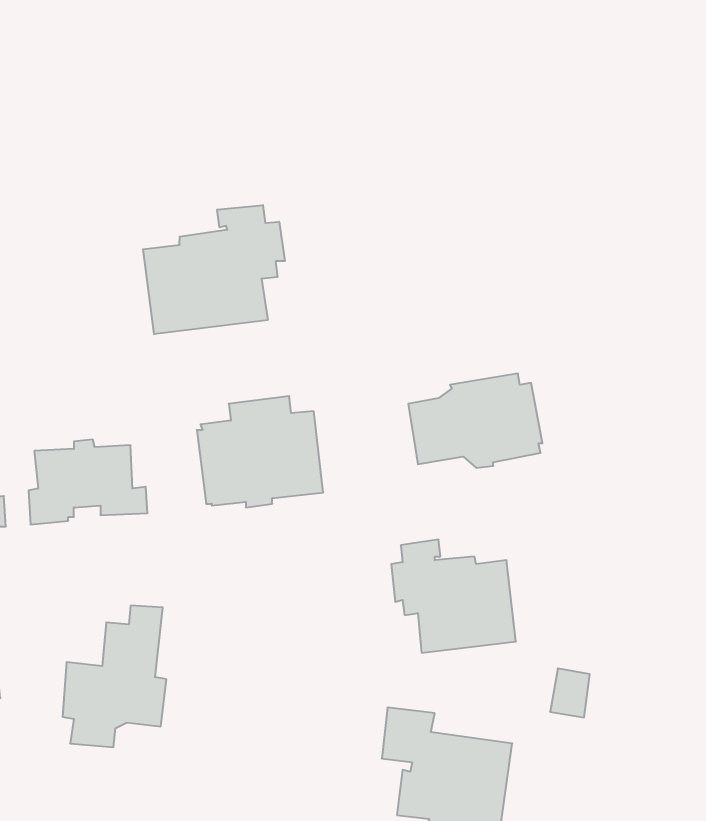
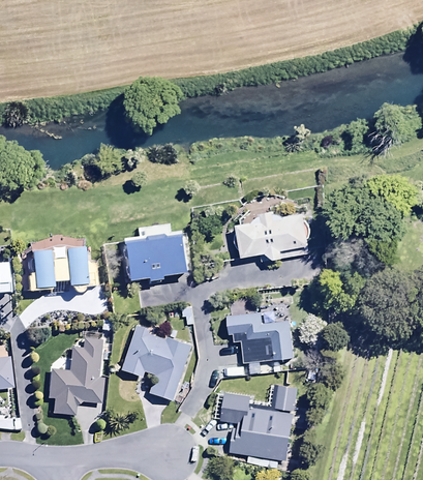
building: [143,205,285,334] -> none
building: none -> [119,326,192,402]
building: [550,668,590,717] -> [275,384,297,411]

